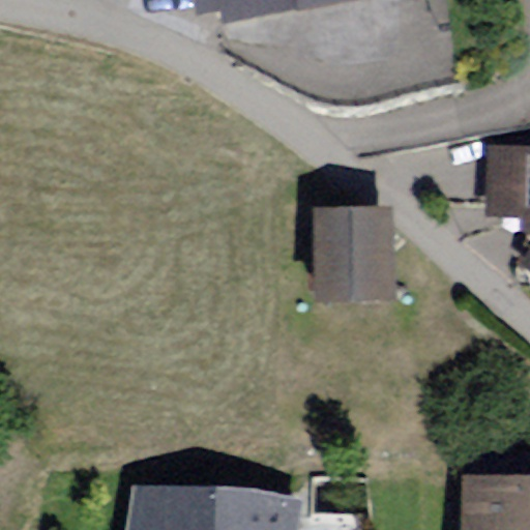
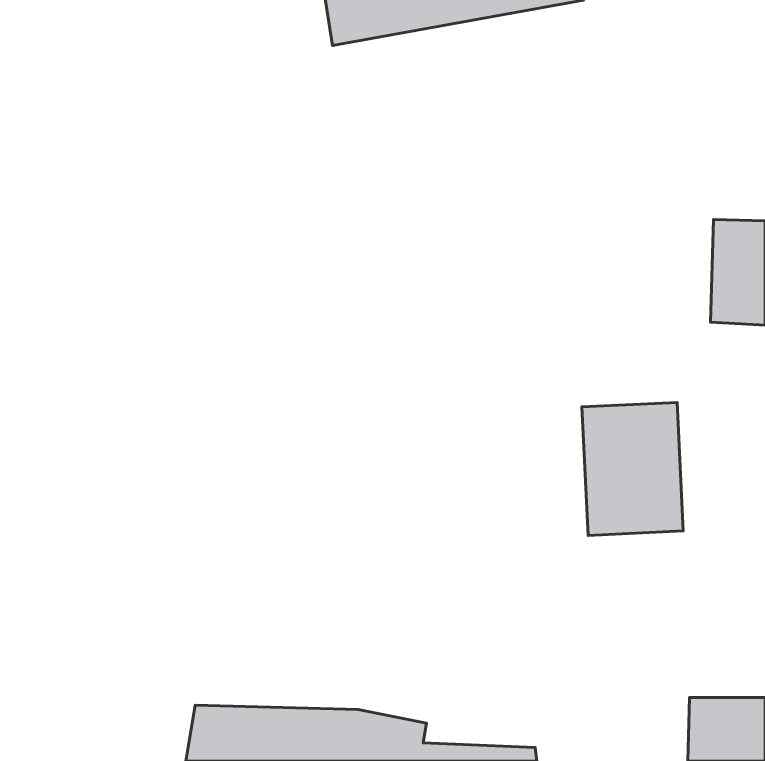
building: [324,219,393,311] -> [582,402,683,535]

